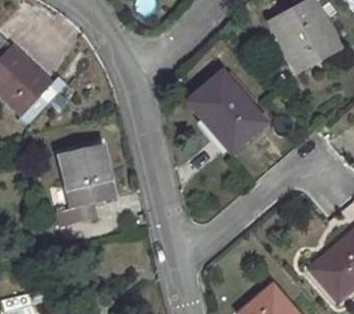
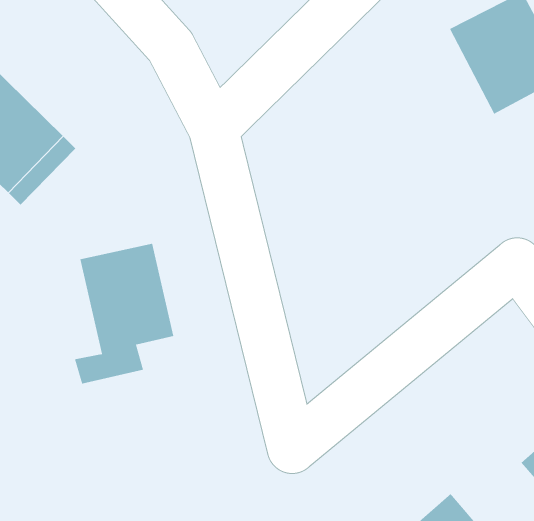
building: [187,71,265,152] -> none

